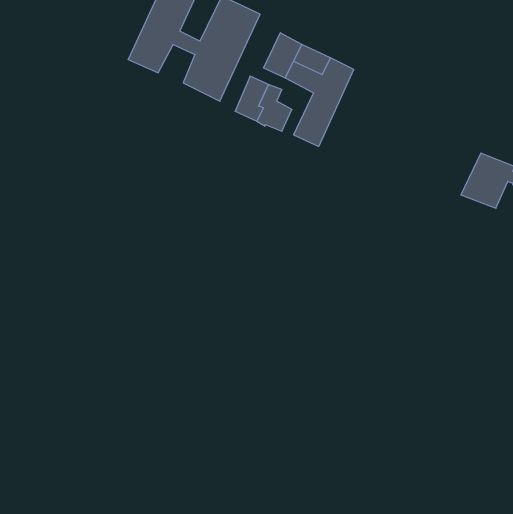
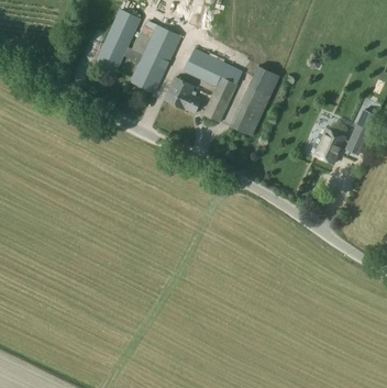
building: none -> [233,65,278,135]

